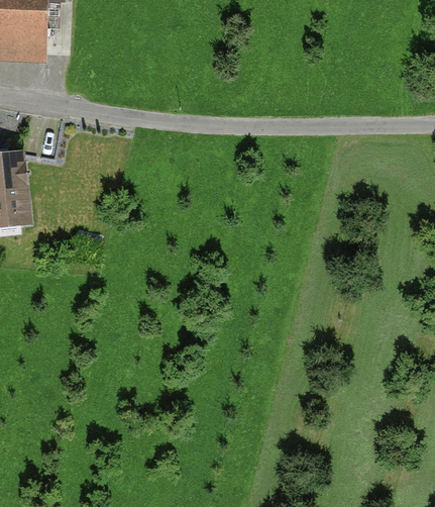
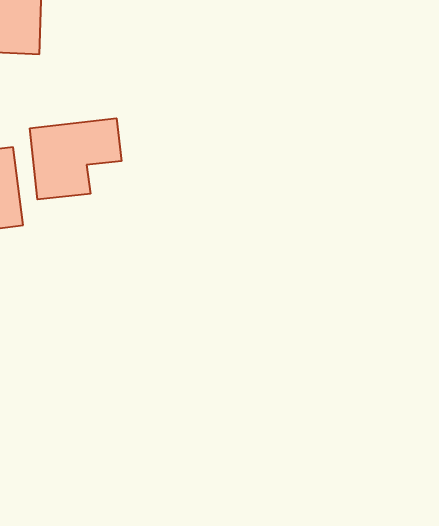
building: none -> [30,118,121,199]

